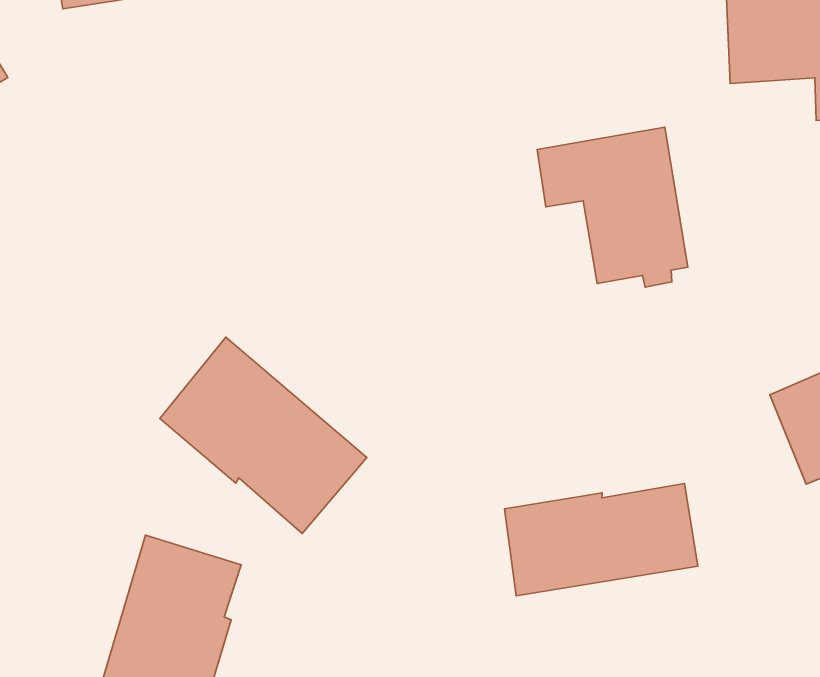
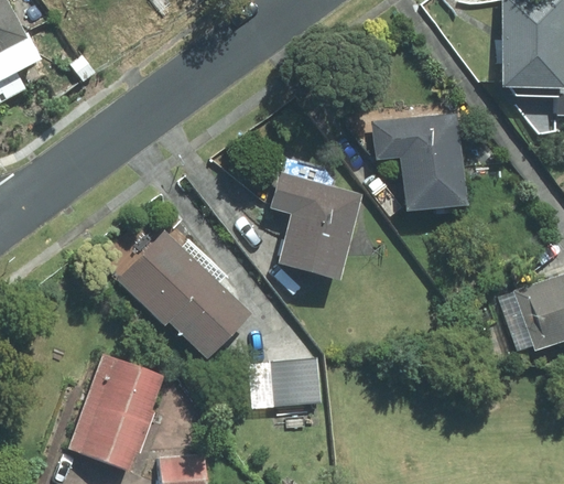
building: none -> [269,171,361,279]
building: [504,484,698,596] -> none
building: none -> [272,356,322,406]

